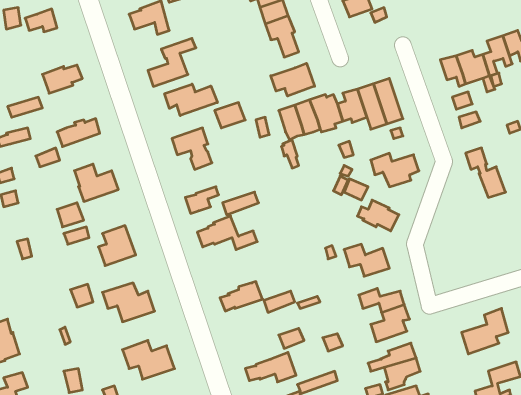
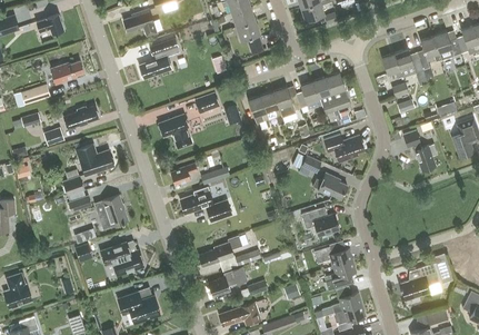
building: [271,63,315,96] -> none
building: [165,84,217,116] -> none
building: none -> [208,265,247,294]

